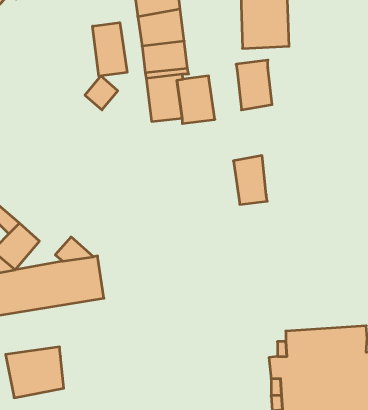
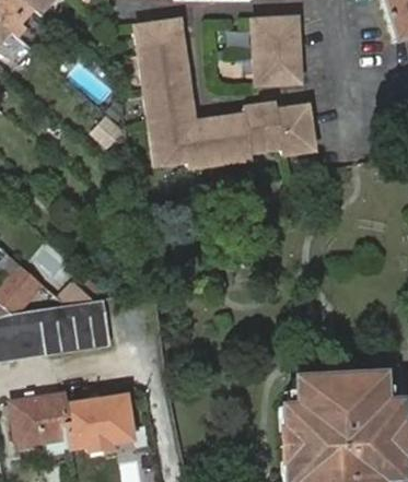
building: [93,23,127,76] -> none
building: none -> [279,102,317,150]
building: [233,156,267,204] -> [218,109,253,160]
building: none -> [65,398,130,450]

